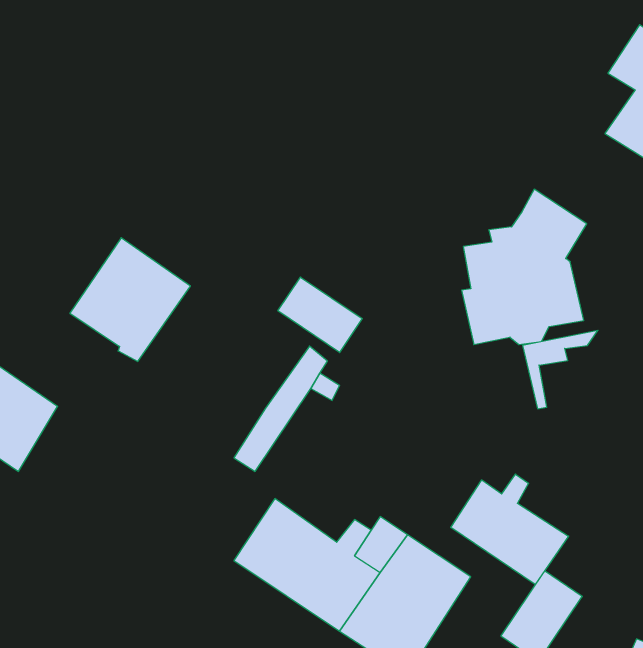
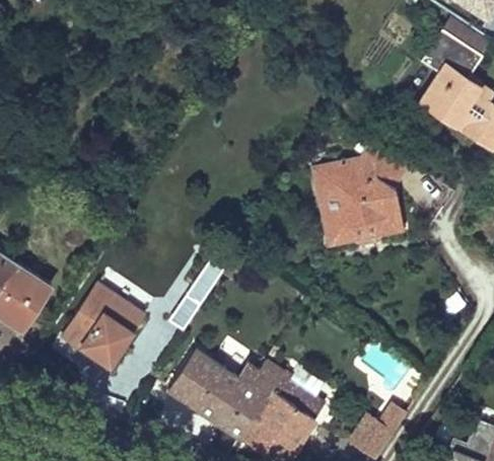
building: [70,238,190,361] -> [64,285,145,368]
building: [278,277,362,353] -> none
building: [523,330,598,409] -> [312,156,363,209]
building: [451,474,569,584] -> none

